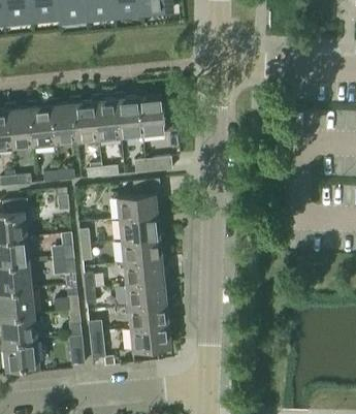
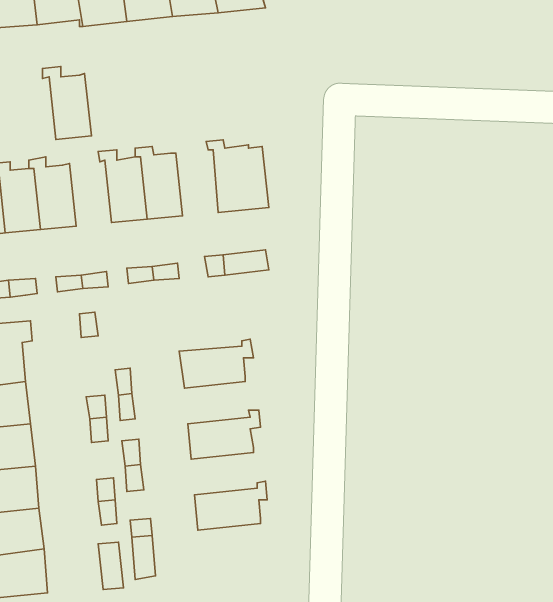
building: [112,93,141,137] -> none
building: [46,99,76,144] -> [42,67,91,139]
building: [116,181,160,220] -> none
building: [121,234,165,264] -> none
building: [125,278,169,308] -> none
building: [129,321,173,351] -> none

